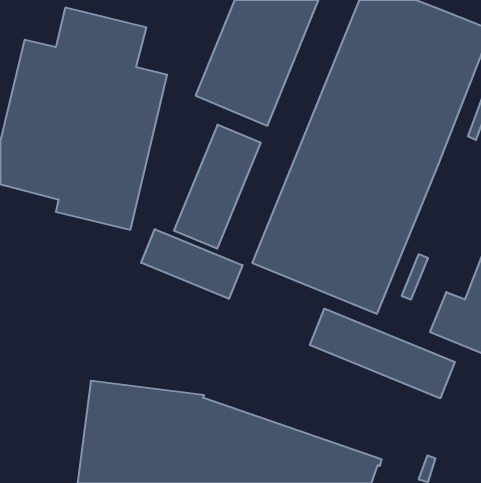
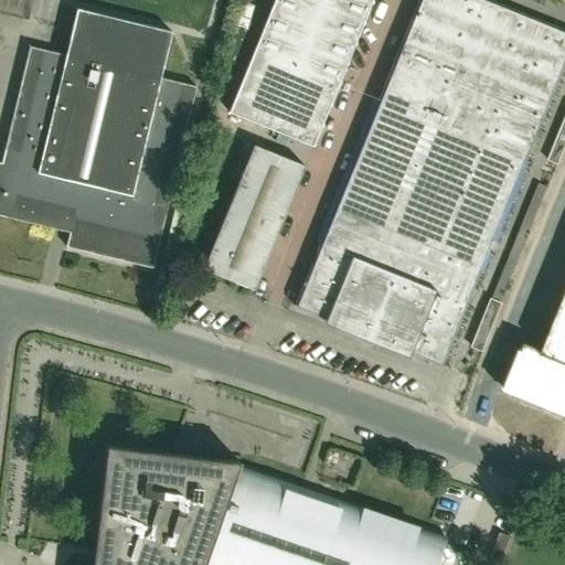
building: [141,229,243,299] -> none
building: [310,309,455,398] -> none

